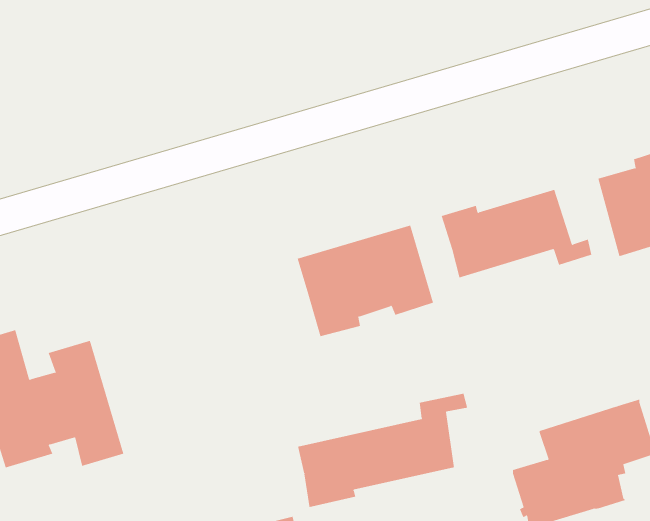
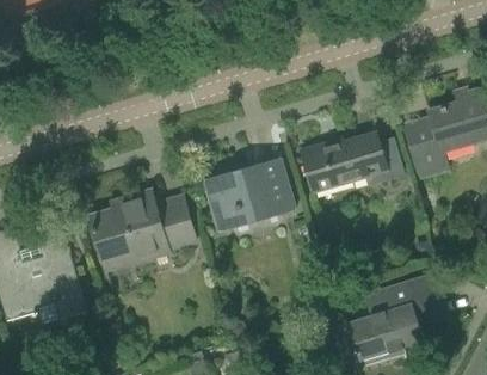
building: none -> [88,191,196,270]
building: [297,393,468,508] -> none

